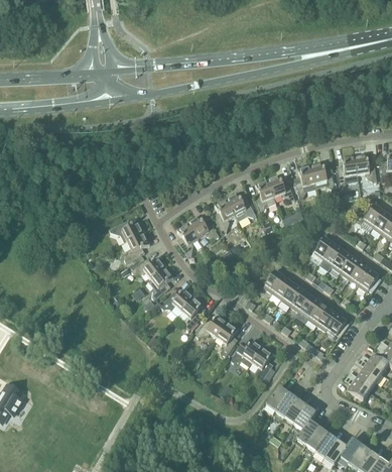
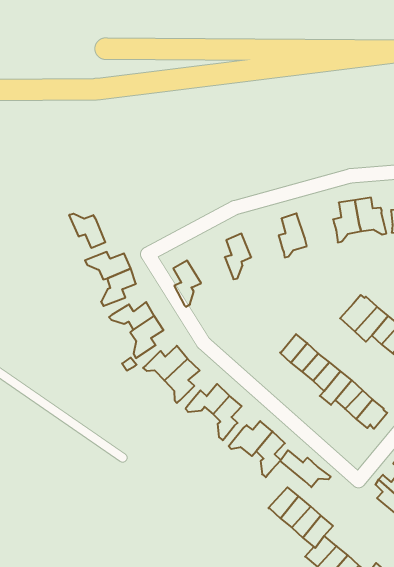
building: [267,174,296,201] -> none
building: [227,193,257,220] -> none
building: none -> [69,214,105,248]
building: [187,215,220,238] -> none
building: none -> [280,450,331,487]

